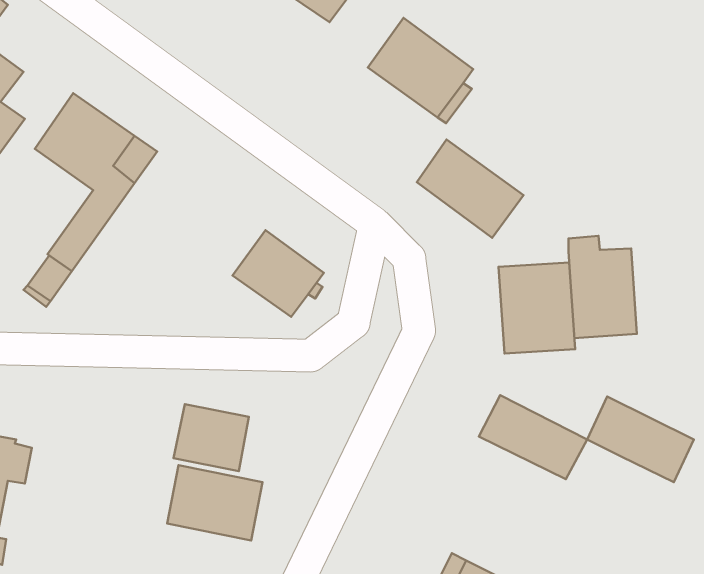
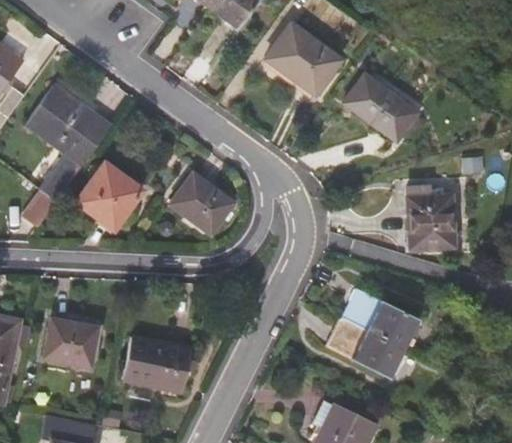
building: [417,139,523,238] -> [344,73,419,142]
building: none -> [75,162,143,230]
building: [499,262,575,353] -> none
building: [587,397,694,482] -> [329,318,404,378]
building: [173,404,249,471] -> [44,319,97,366]

